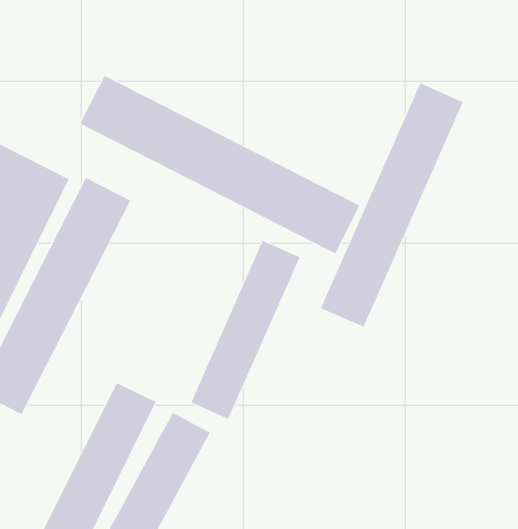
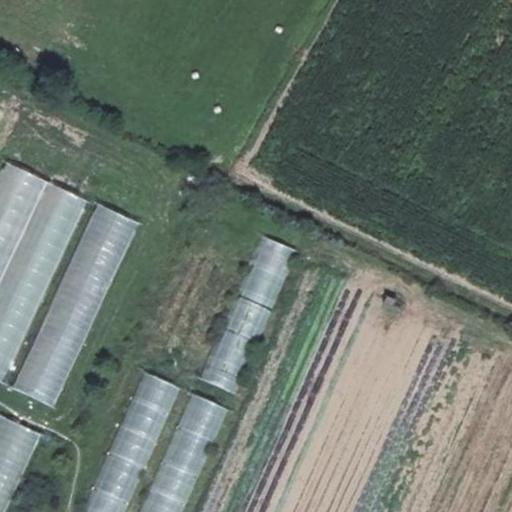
building: [80,75,360,254] -> none
building: [320,83,464,328] -> none

